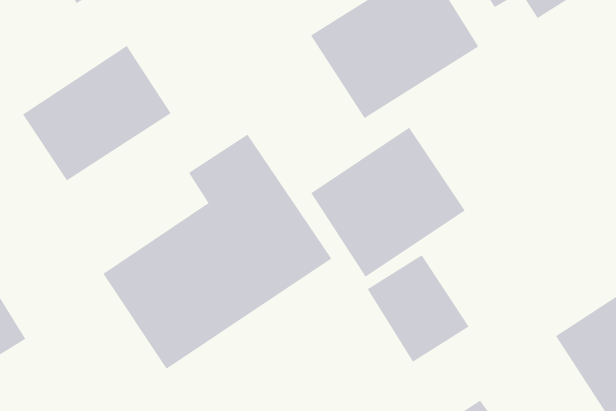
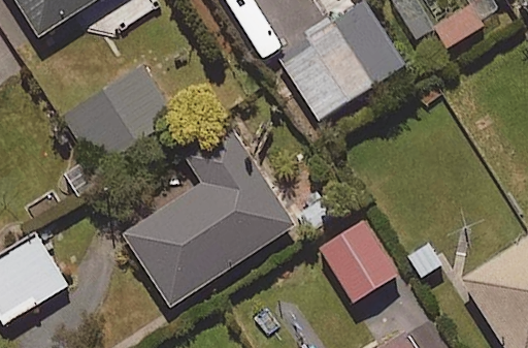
building: [311,127,466,278] -> none

